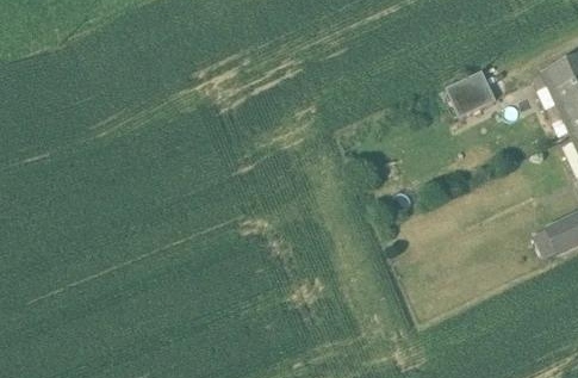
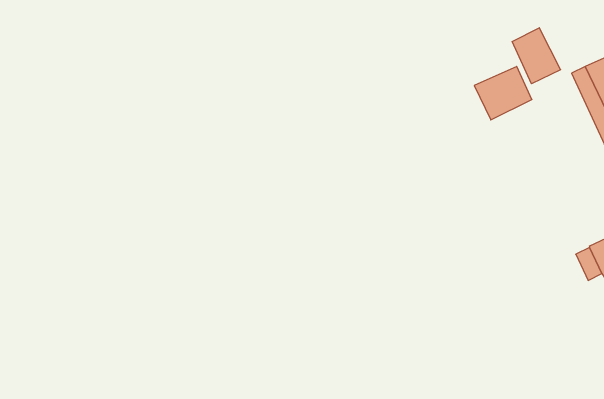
building: none -> [512,28,561,84]

